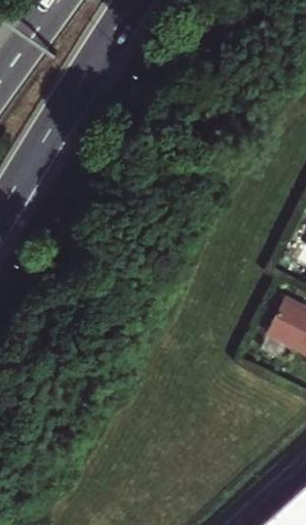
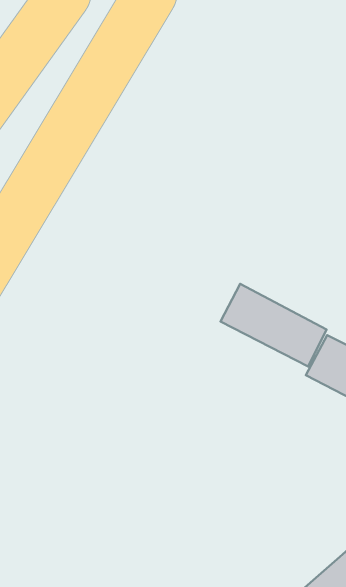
building: none -> [221,284,327,367]

